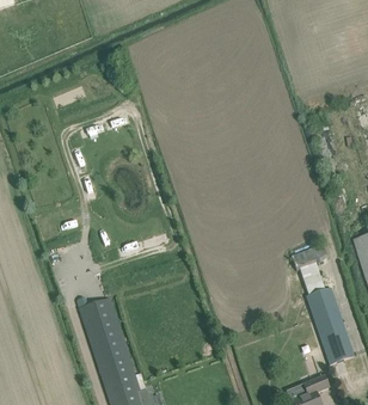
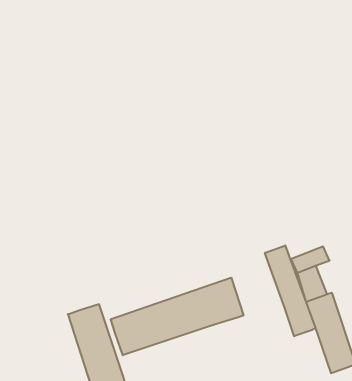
building: none -> [265,245,315,336]
building: none -> [111,278,243,355]

